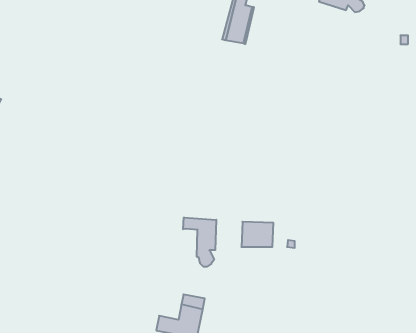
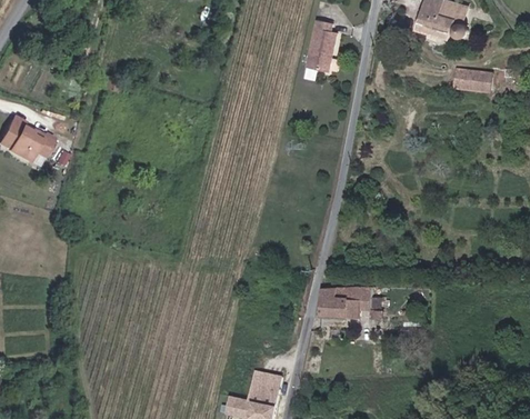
building: none -> [454,74,488,94]
building: [183,217,216,267] -> none

